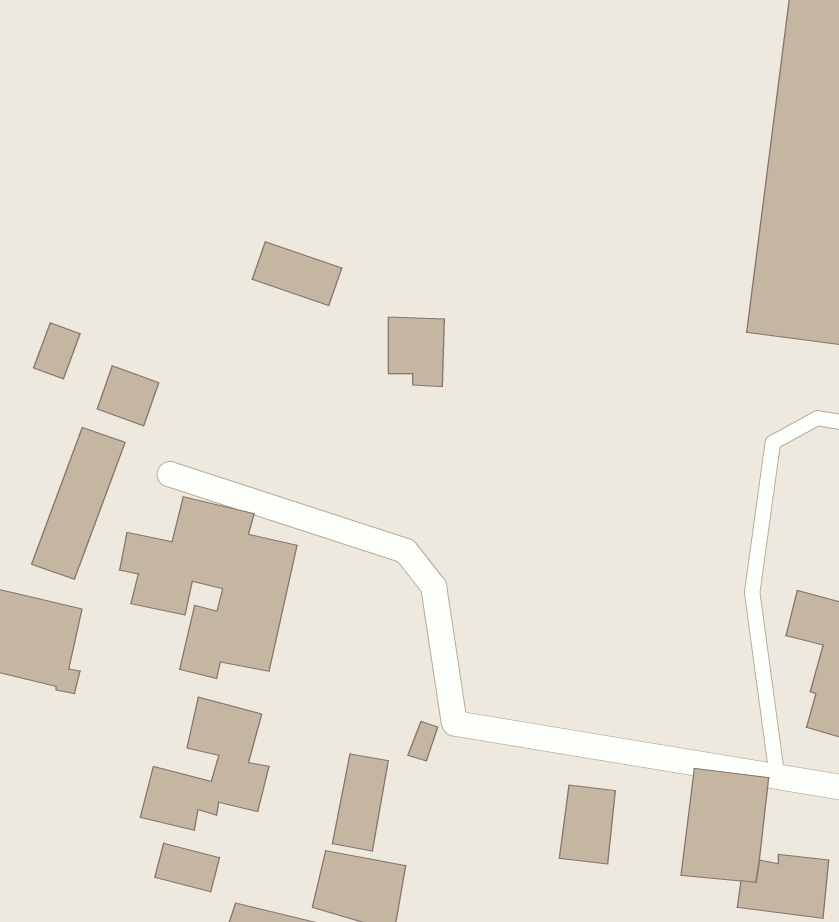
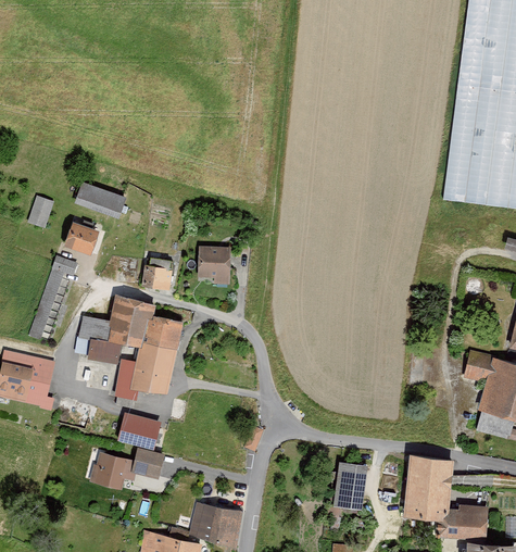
building: [252,242,342,305] -> [76,180,128,217]
building: [388,317,444,387] -> [200,244,232,285]
building: none -> [142,256,174,289]
building: [333,754,388,851] -> none
building: [155,843,219,892] -> none

